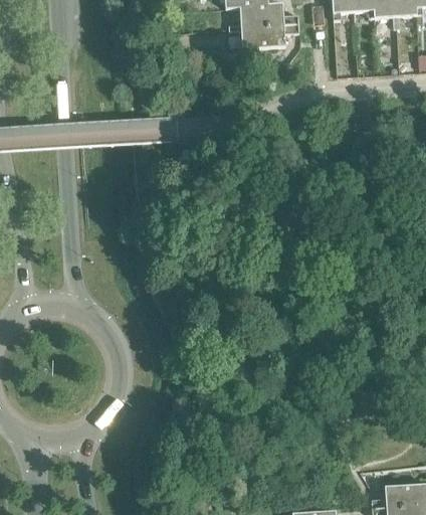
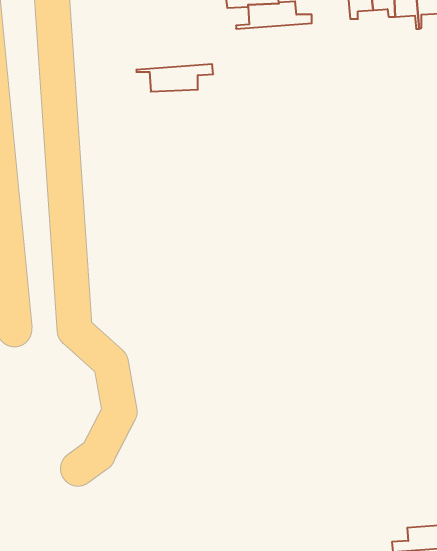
building: [228,23,298,48] -> [136,64,213,92]

